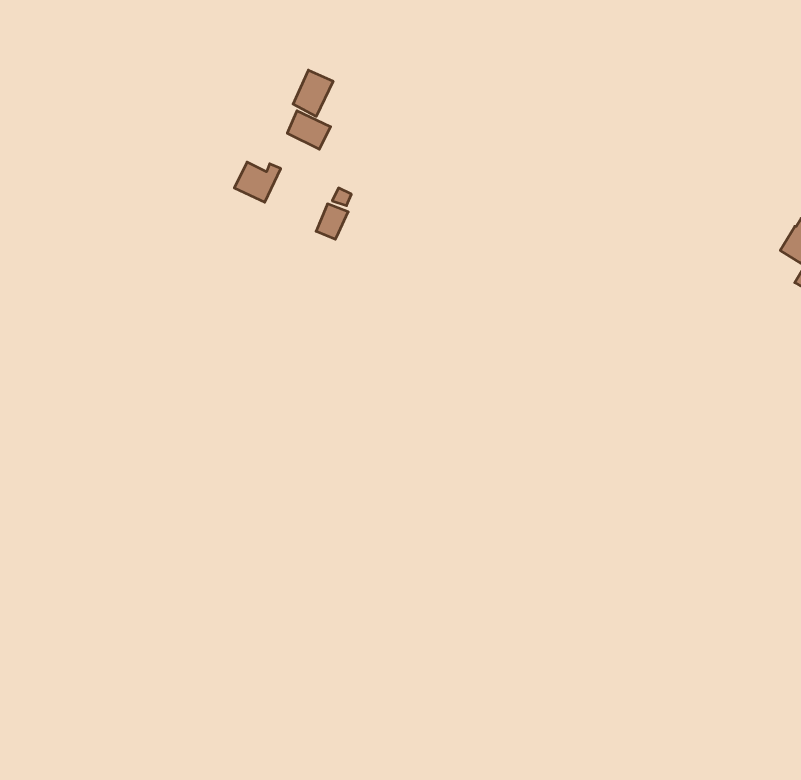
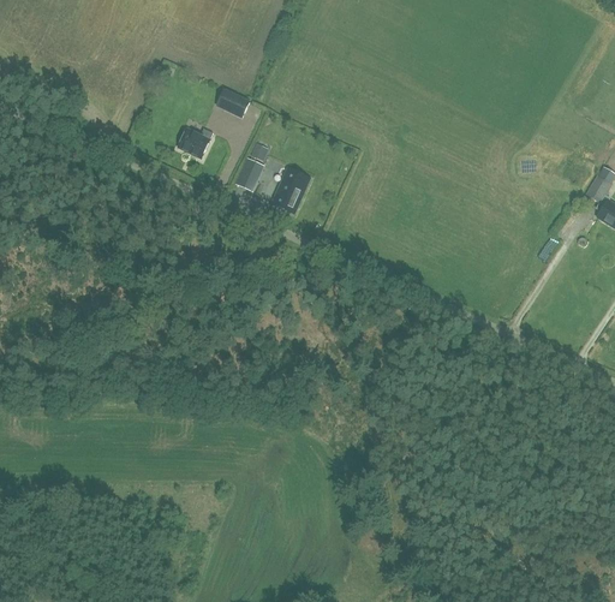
building: [293,70,333,116] -> none
building: none -> [274,165,303,210]

